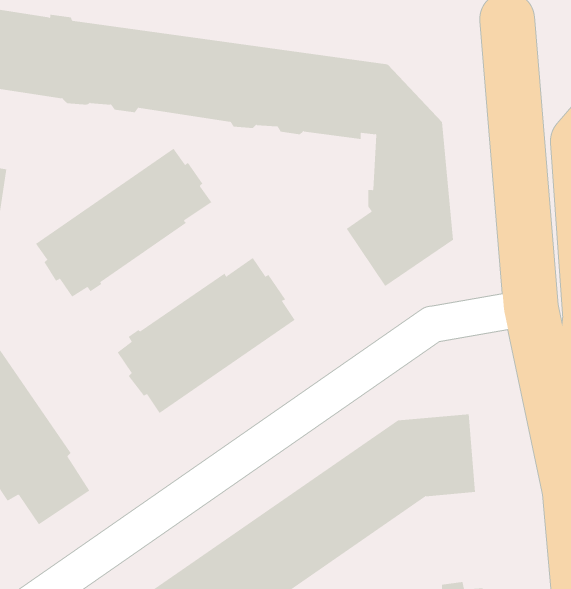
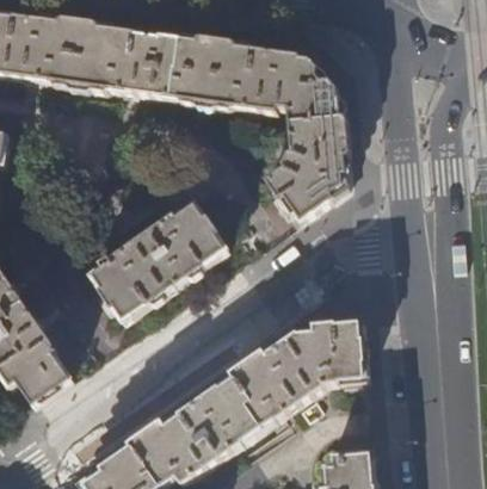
building: [35,148,212,298] -> none

